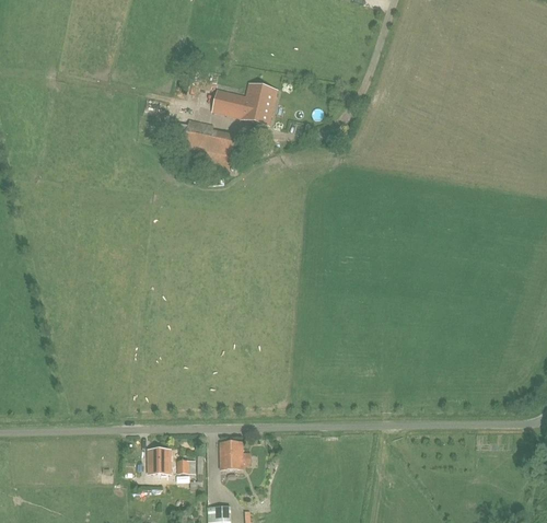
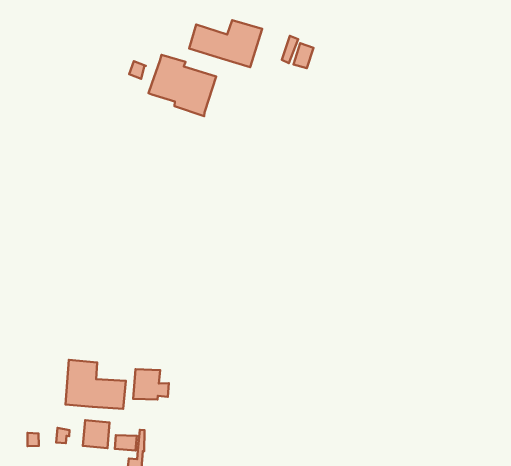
building: none -> [65,360,126,409]
building: [221,441,252,468] -> [133,369,169,400]

